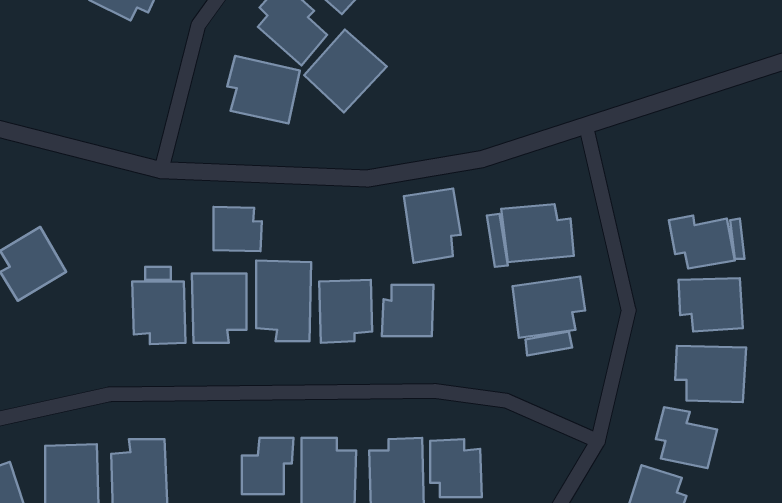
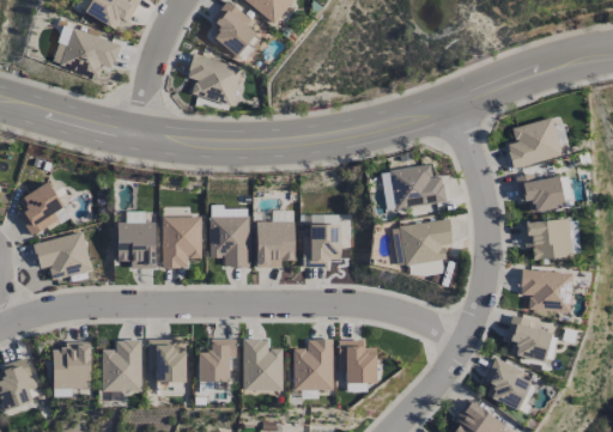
building: none -> [53,25,122,78]
building: [304,29,387,113] -> none
building: none -> [508,118,562,168]
building: [404,189,461,263] -> none
building: [213,207,262,251] -> none
building: none -> [34,233,92,279]
building: none -> [147,339,187,382]

